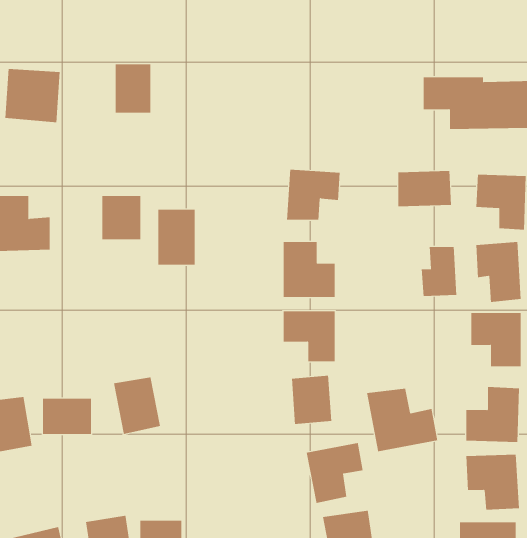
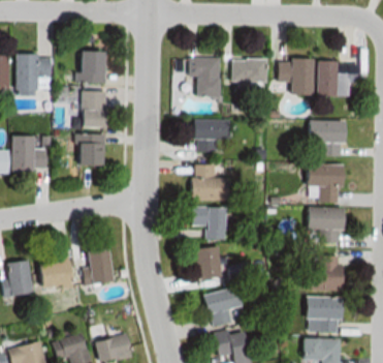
building: none -> [190,58,219,96]
building: [397,170,452,207] -> [231,60,265,83]
building: [158,209,196,265] -> [82,92,105,127]
building: [421,246,457,297] -> none
building: [367,388,438,452] -> none

